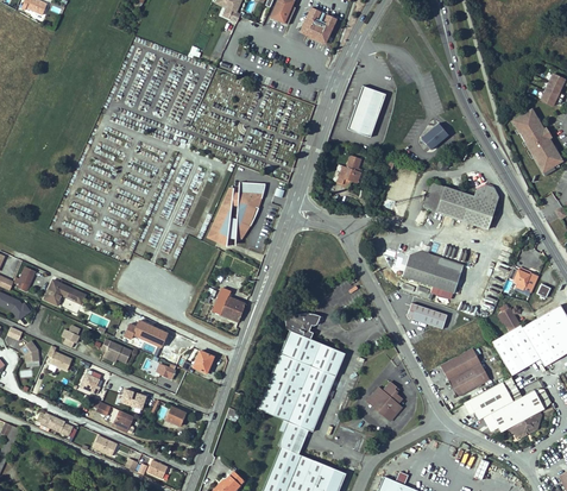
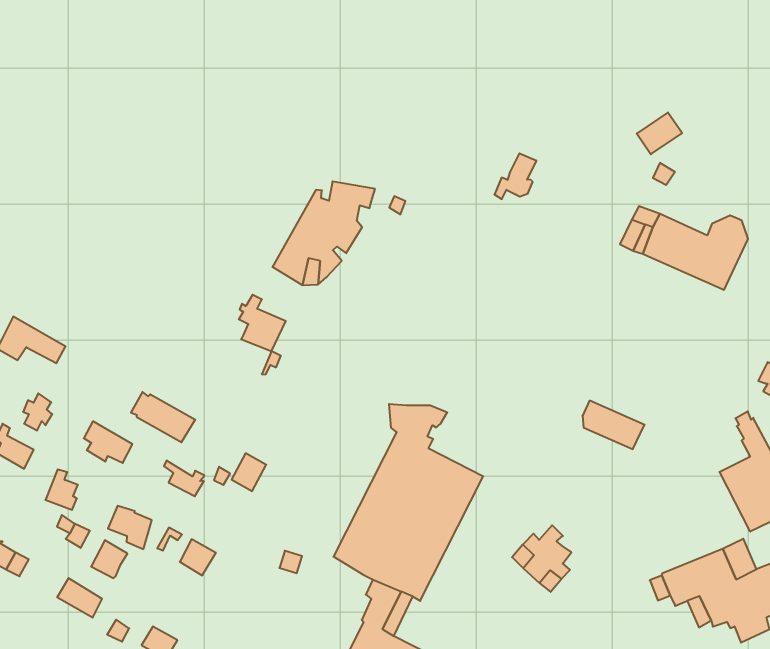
building: [348,86,386,137] -> none
building: [397,248,455,292] -> none
building: [219,288,247,321] -> [239,295,286,351]
building: [435,347,484,396] -> none

